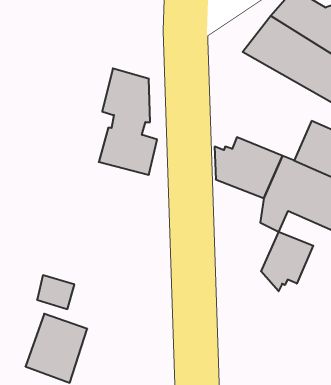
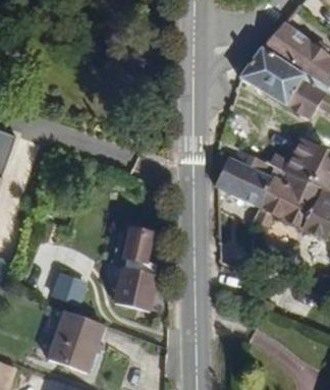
building: [99,68,157,175] -> [114,215,165,308]
building: [261,232,313,291] -> none

